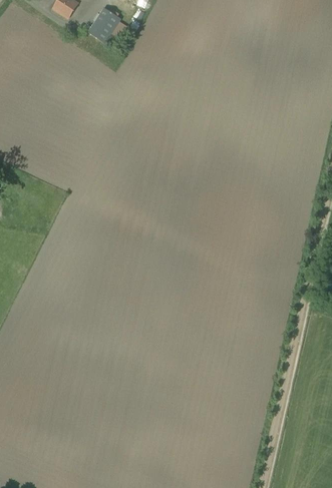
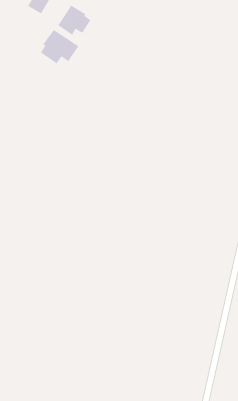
building: none -> [40,29,79,64]

